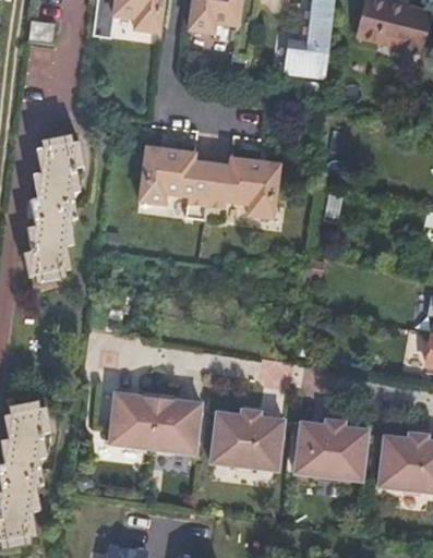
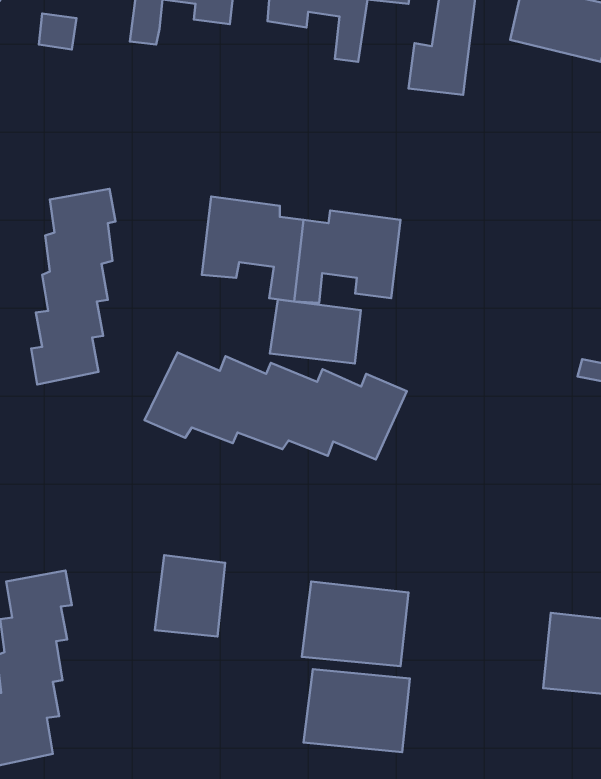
building: none -> [270,299,361,363]
building: none -> [145,353,407,459]
building: [152,399,201,454] -> none
building: [294,422,369,480] -> [303,669,410,752]

